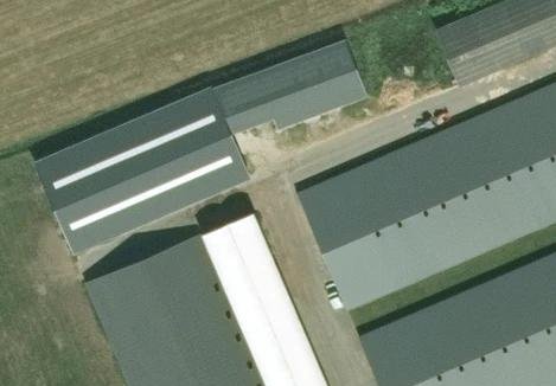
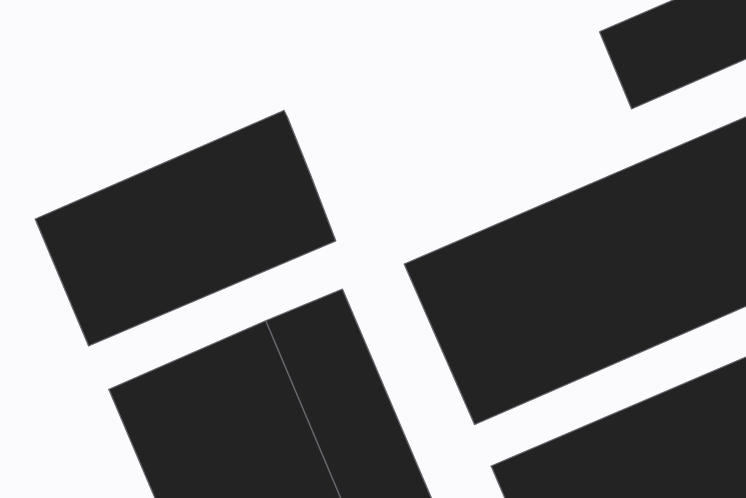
building: [215,40,366,133] -> none

